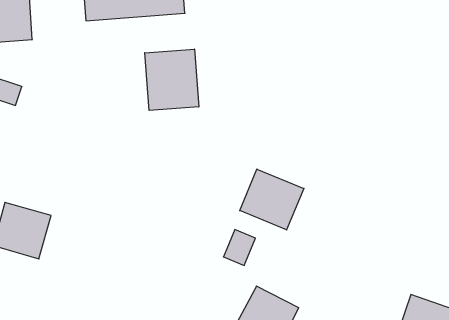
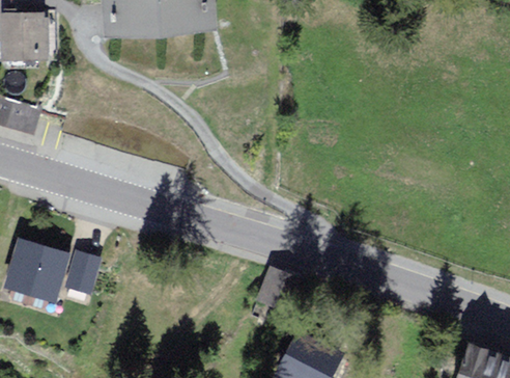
building: [145,49,199,110] -> none
building: [240,169,304,230] -> none
building: none -> [66,250,102,293]

